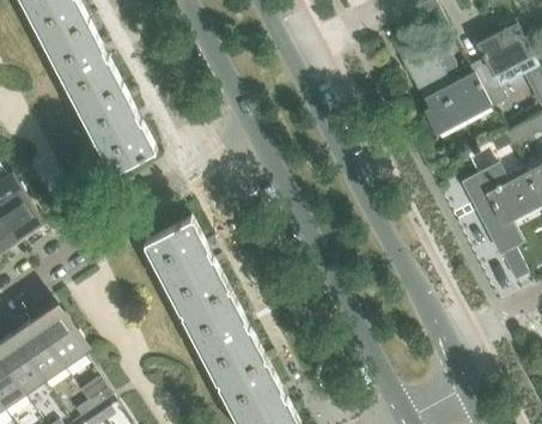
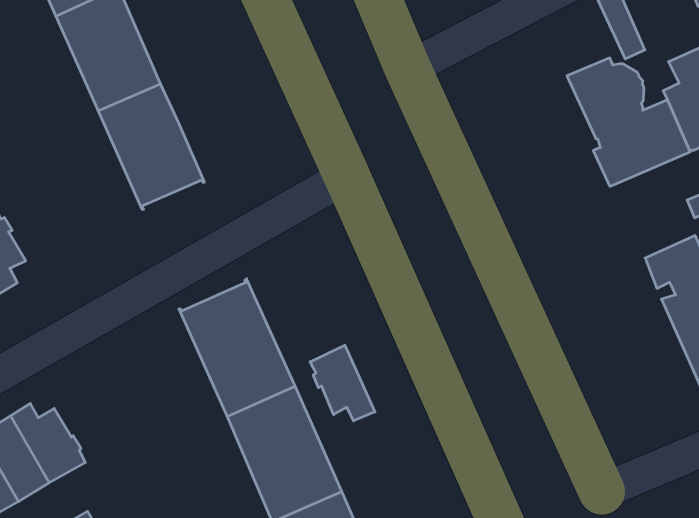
building: none -> [310,345,375,421]

